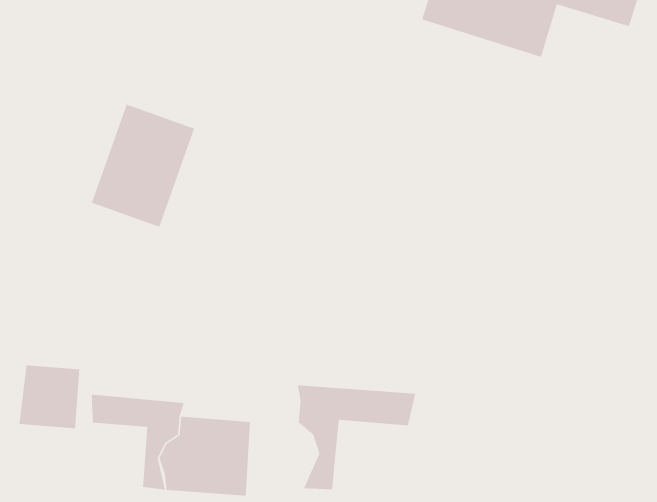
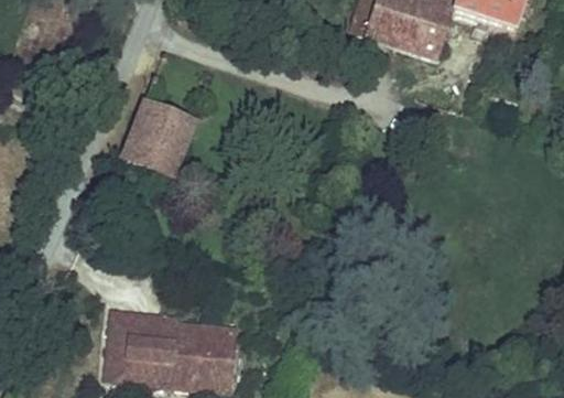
building: [19,364,80,429] -> [107,332,153,380]
building: [297,384,416,490] -> none

